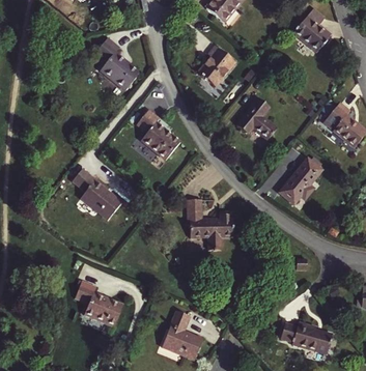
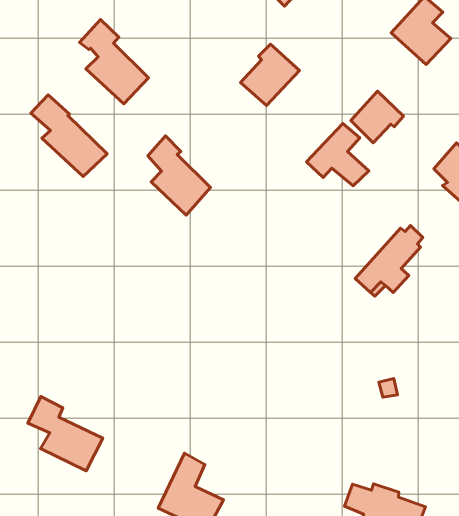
building: none -> [351,91,403,143]
building: [69,169,120,220] -> [31,95,107,177]
building: [184,198,228,249] -> none

